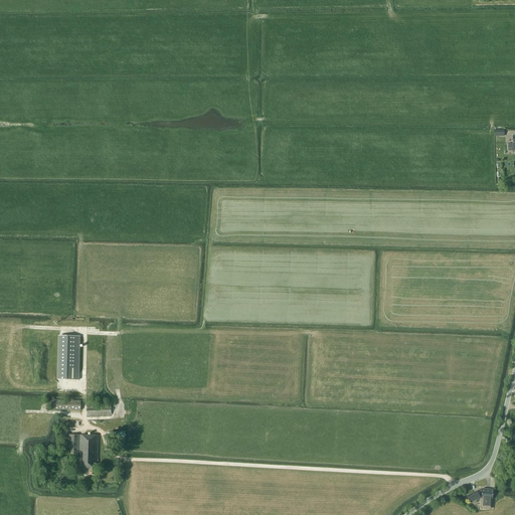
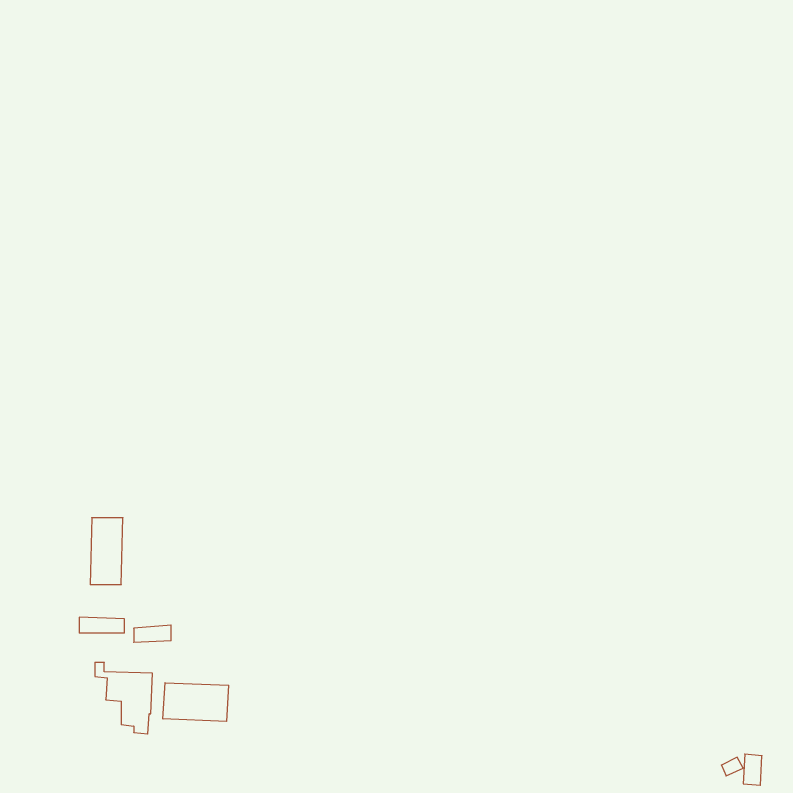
building: none -> [163,683,229,721]

